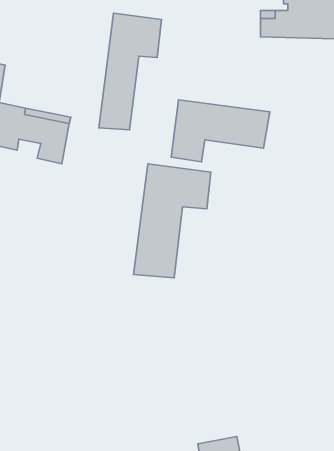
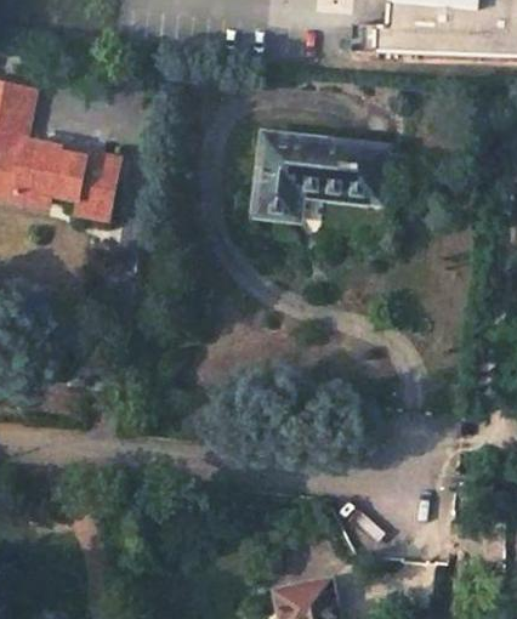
building: [99,13,162,130] -> none
building: [134,164,211,278] -> none

